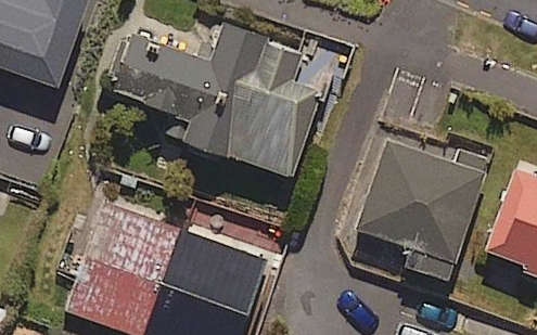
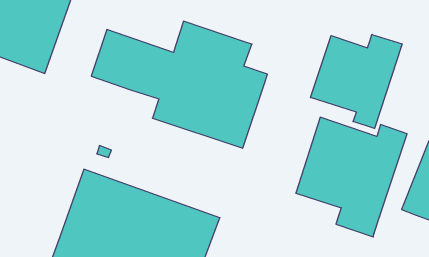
building: none -> [311,34,402,128]

